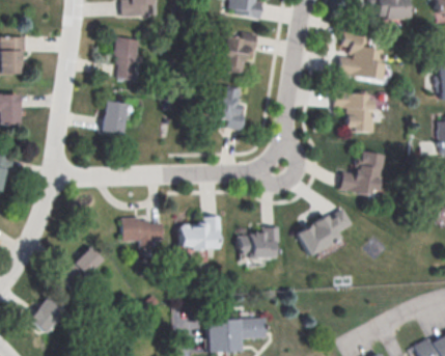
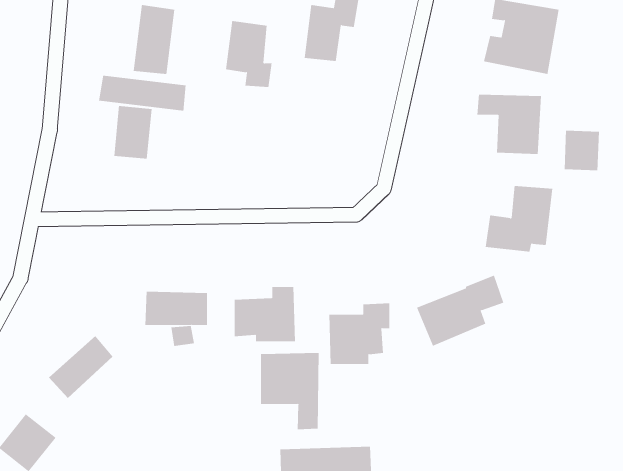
building: none -> [98,75,186,111]
building: [214,86,244,129] -> [225,21,272,87]
building: none -> [564,130,599,171]
building: none -> [260,352,319,430]

